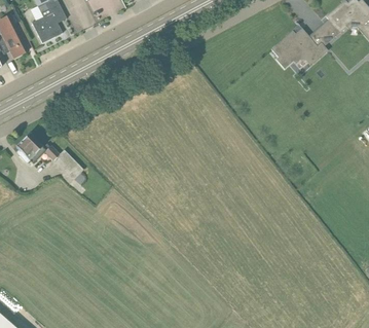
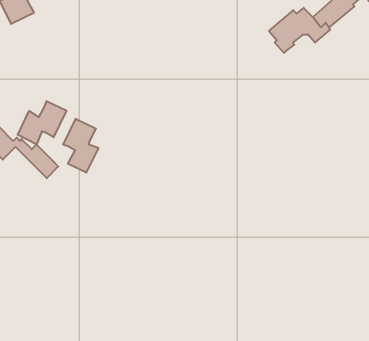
building: none -> [18,101,66,145]
building: none -> [63,119,98,173]

